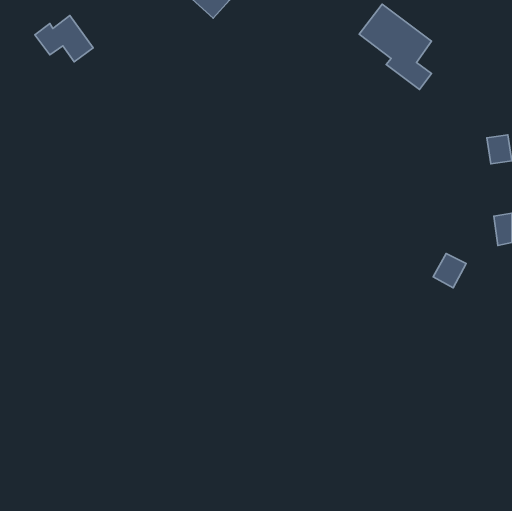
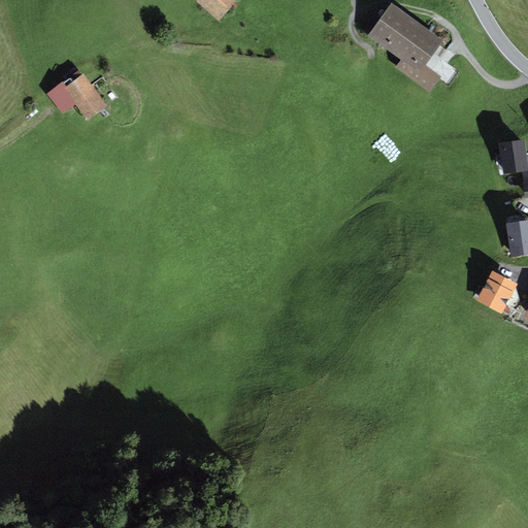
building: [35,16,93,62] -> [46,72,106,120]
building: [433,254,466,288] -> [478,271,513,306]

